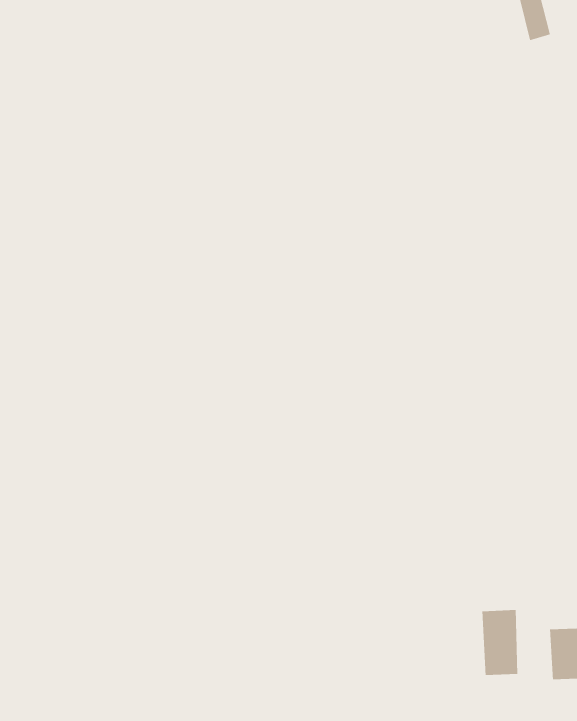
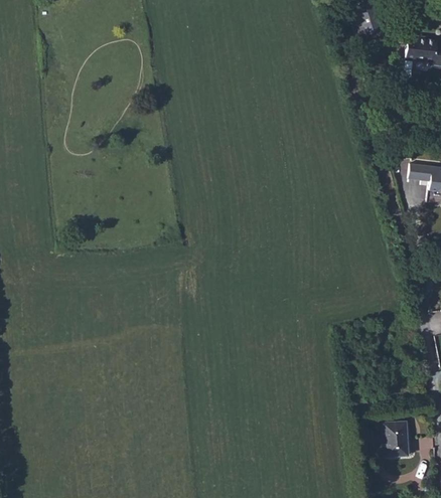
building: [482,609,518,676] -> none

